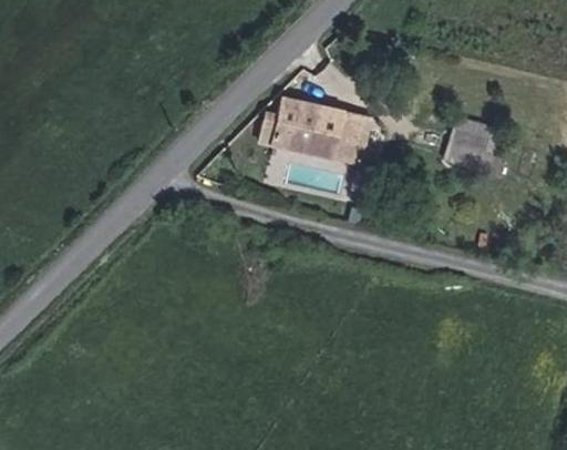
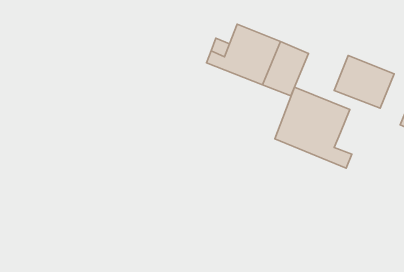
building: none -> [275,87,352,168]

